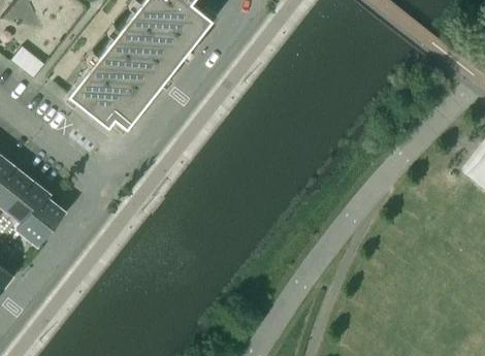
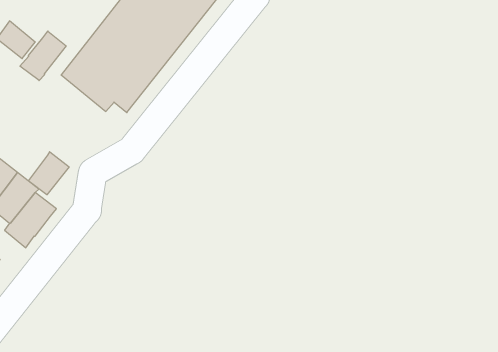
building: none -> [20,31,66,81]
building: none -> [29,152,69,195]

